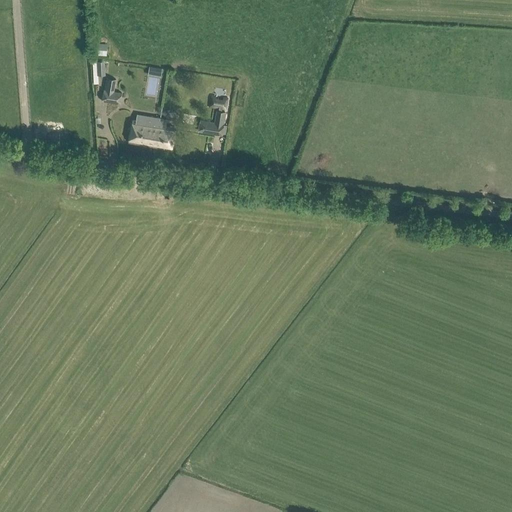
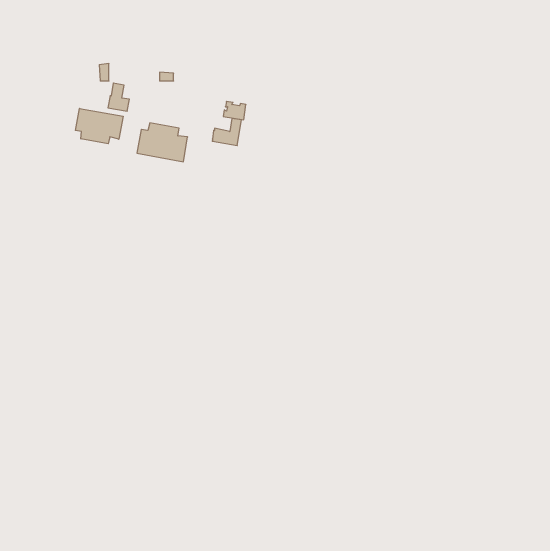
building: none -> [75,108,123,144]

